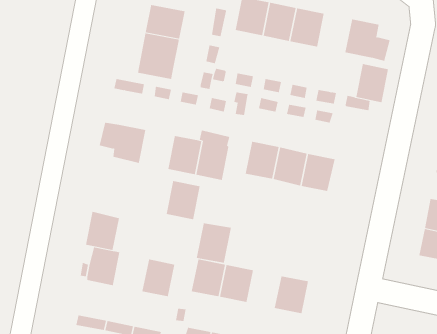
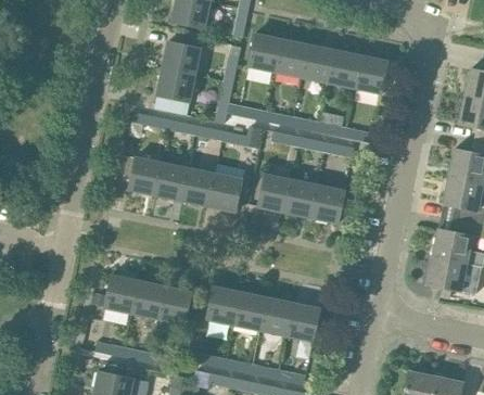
building: [355,64,389,103] -> [329,50,361,88]
building: [166,181,201,220] -> [156,163,190,201]
building: [85,211,120,251] -> [131,281,165,319]
building: [196,222,232,263] -> none
building: none -> [260,298,293,335]

